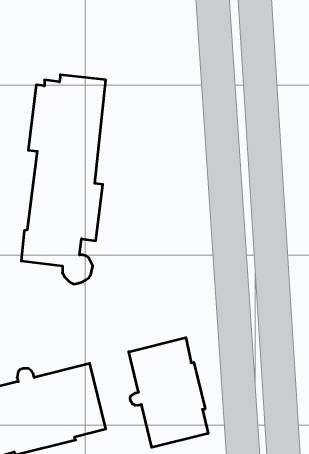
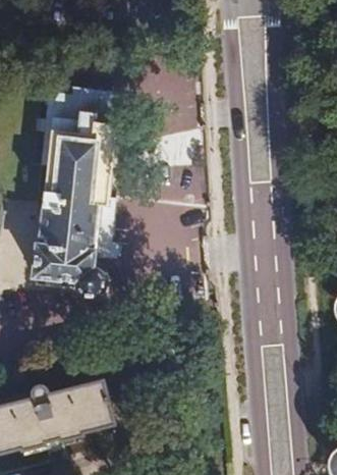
building: [129,338,208,447] -> none

